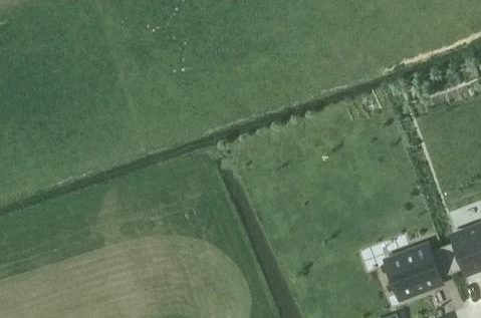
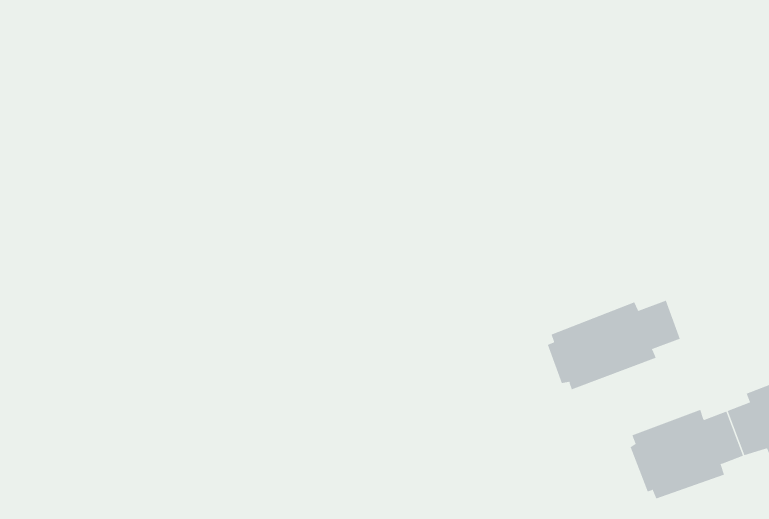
building: none -> [547,300,680,390]

